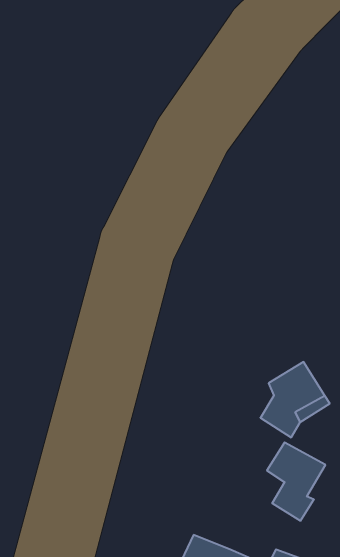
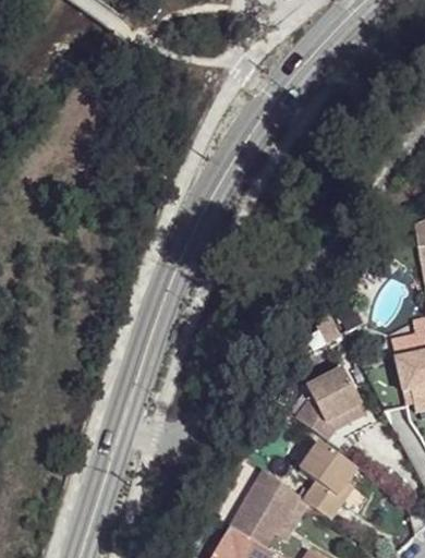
building: none -> [230,464,294,542]

